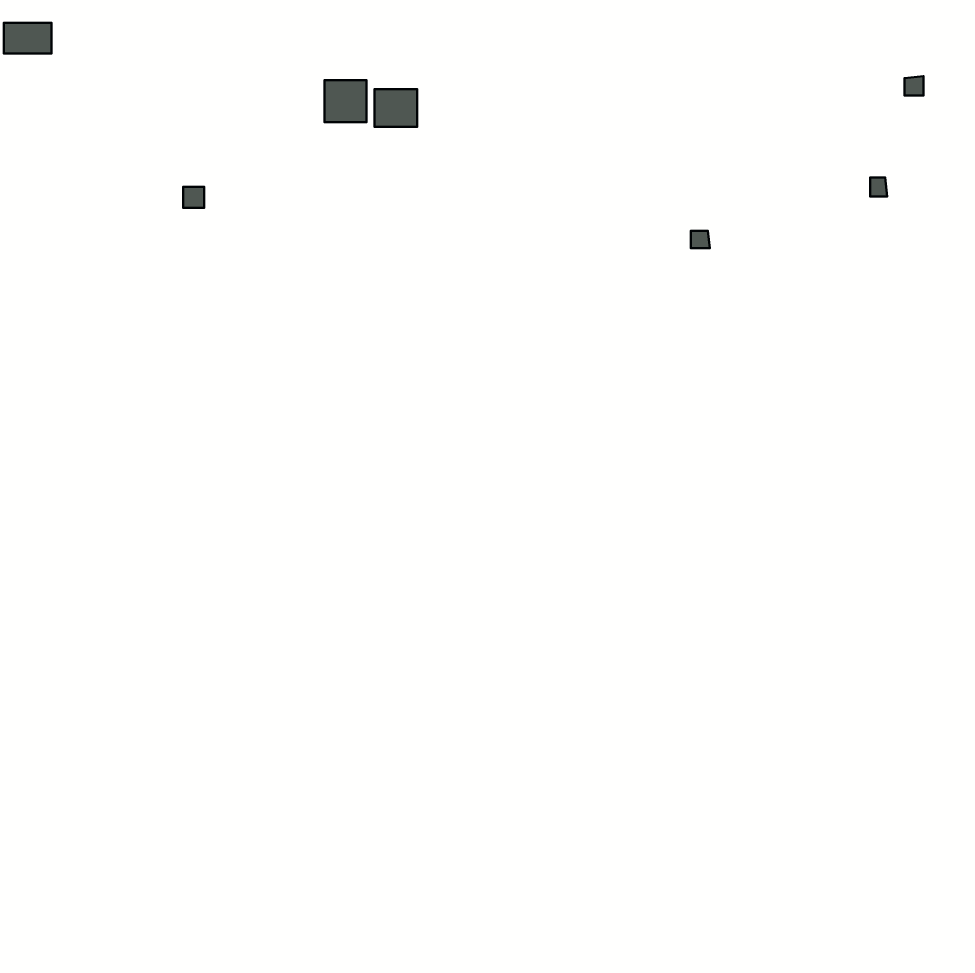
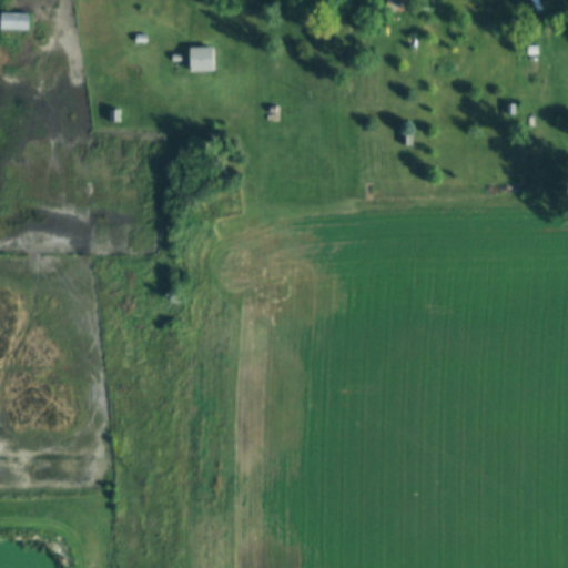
building: [374,89,417,127] -> none

